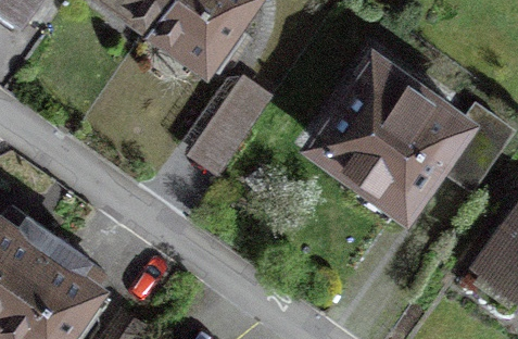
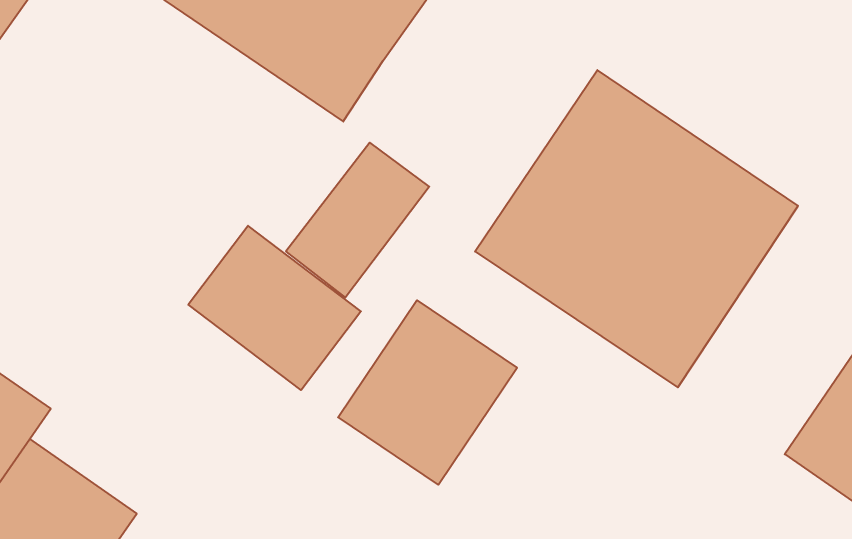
building: none -> [188,226,361,390]
building: none -> [338,300,517,485]

